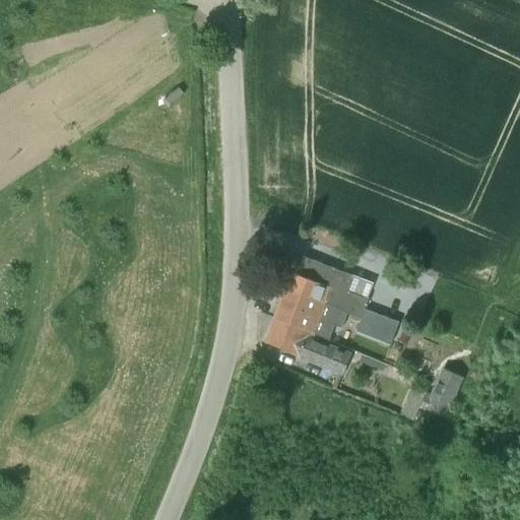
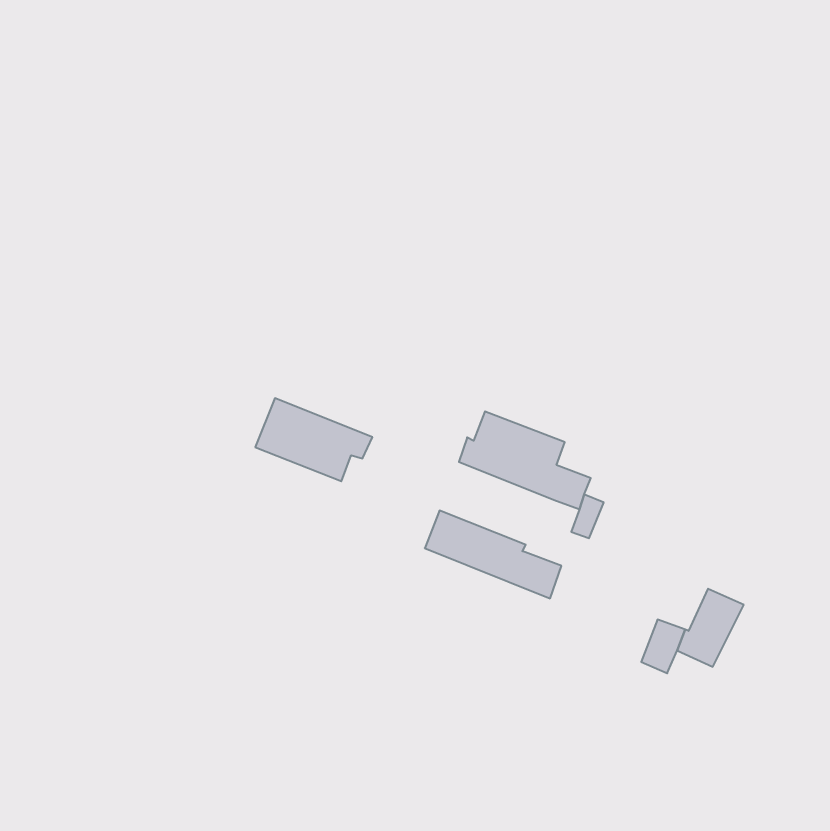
building: [275,288,348,340] -> [255,398,372,481]
building: [369,314,399,344] -> none

